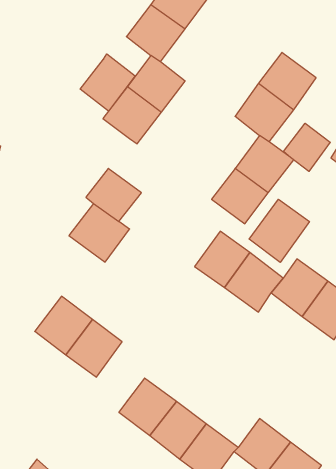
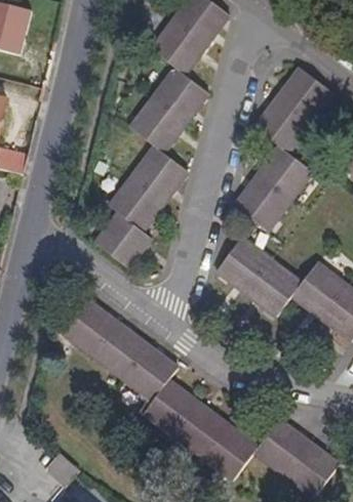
building: [80,54,135,111] -> none
building: [284,123,330,171] -> none
building: none -> [132,148,185,200]
building: [249,199,309,262] -> none
building: none -> [121,343,176,400]

